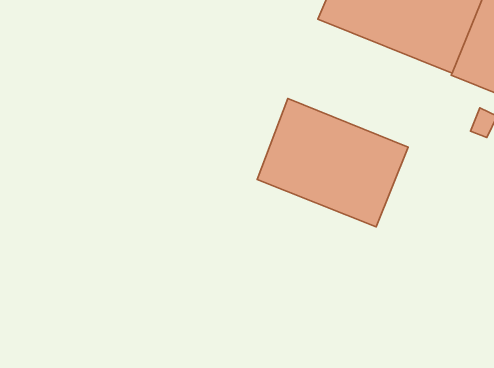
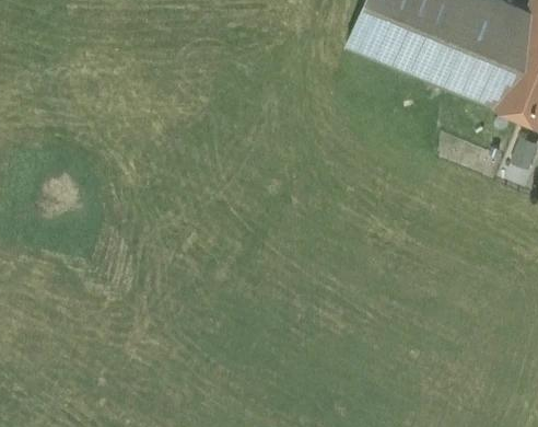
building: [257,99,408,227] -> none

